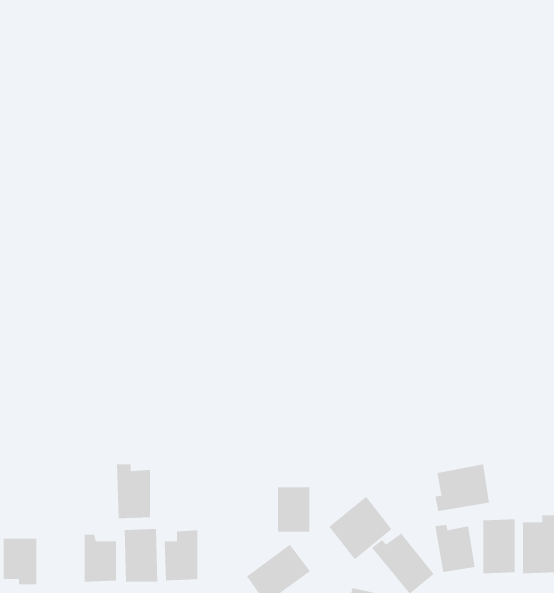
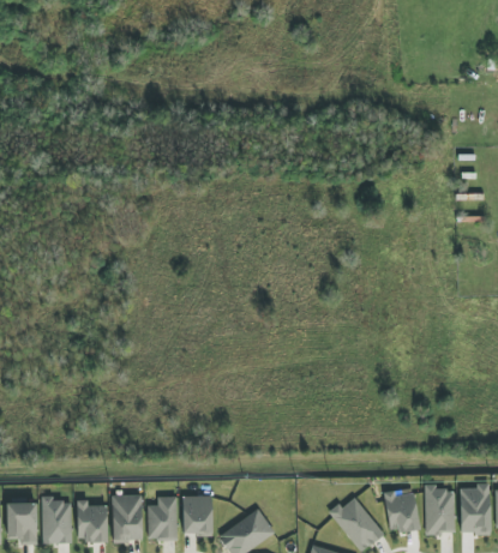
building: [435,463,490,512] -> none
building: [116,464,151,519] -> [41,495,71,543]
building: [277,487,310,532] -> [182,495,211,535]
building: [329,496,392,560] -> none

